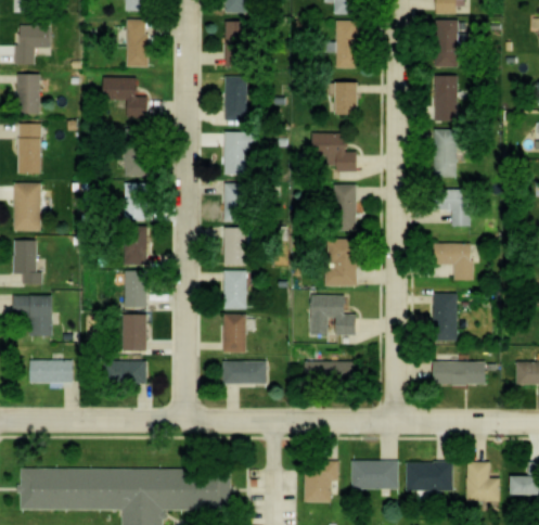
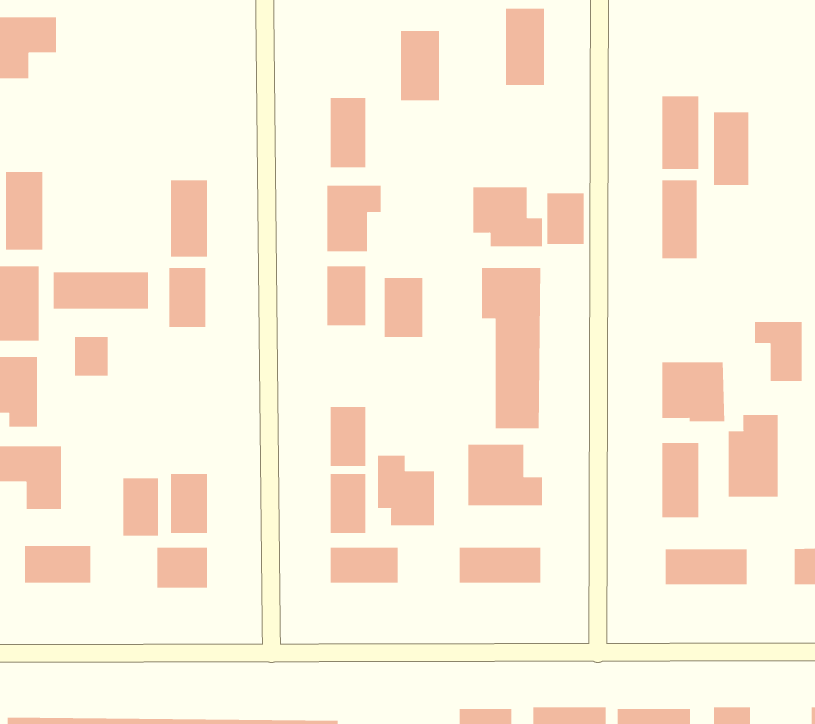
building: [124,20,149,67] -> none
building: [434,20,457,66] -> [713,112,749,185]
building: [223,21,248,65] -> [400,31,440,101]
building: [20,75,39,113] -> none
building: [102,77,147,117] -> none
building: [337,81,361,114] -> [547,193,584,244]
building: none -> [53,272,149,309]
building: [438,189,469,227] -> [754,321,802,381]
building: [221,227,246,265] -> [384,277,423,338]
building: [123,240,144,265] -> [74,337,109,376]
building: [124,270,146,307] -> [123,478,159,536]
building: none -> [728,414,778,497]
building: none -> [377,455,435,526]

